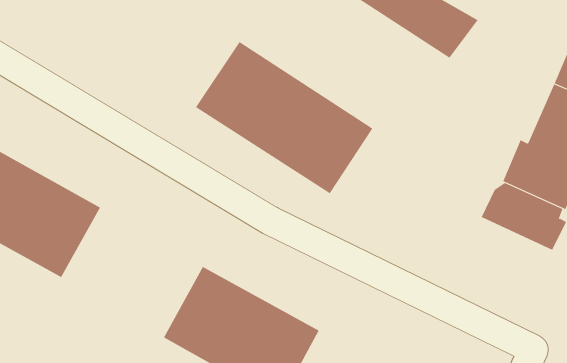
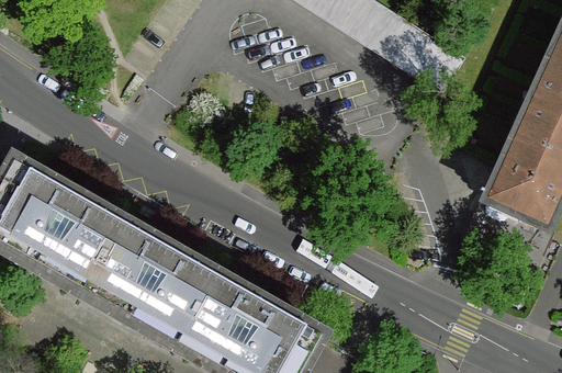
building: [195,41,373,194] -> none
building: none -> [80,212,210,331]

